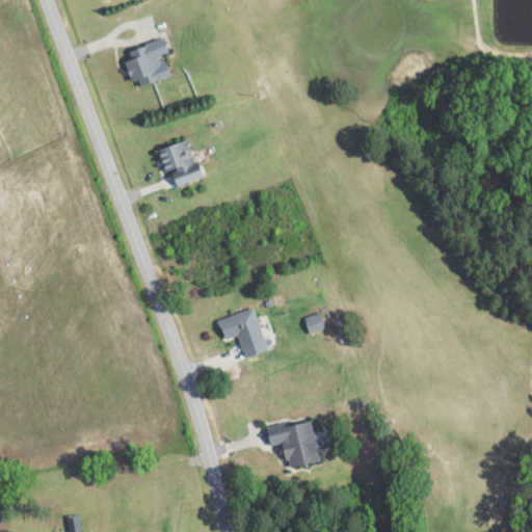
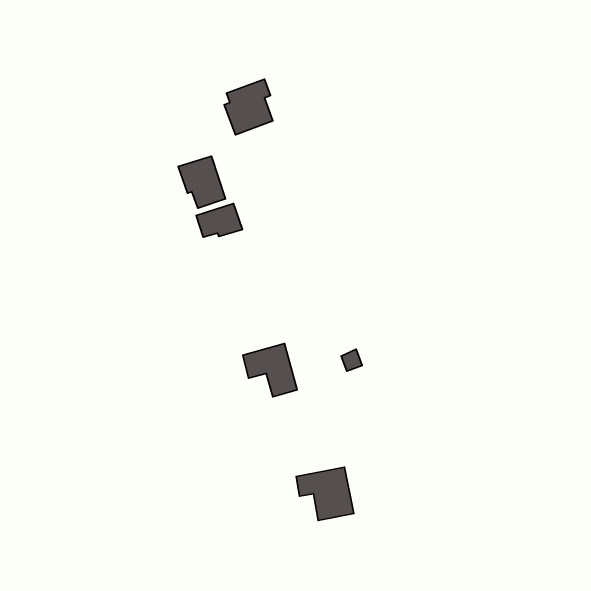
building: [125,38,168,88] -> [224,79,273,135]
building: none -> [196,203,242,237]

